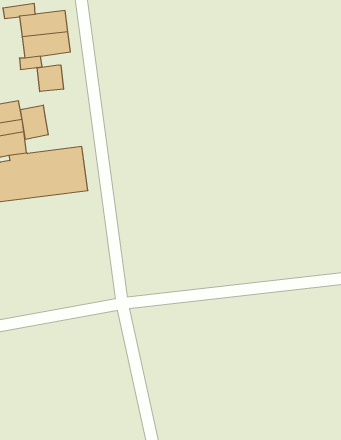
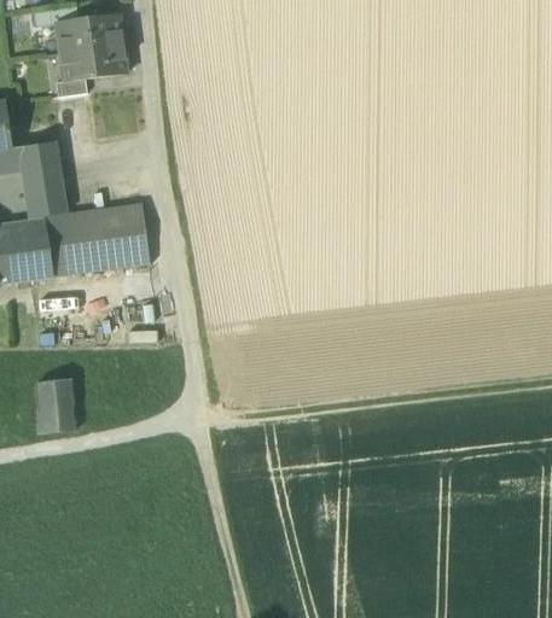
building: [37,65,63,92] -> none
building: [21,105,48,139] -> none
building: none -> [36,378,75,432]

